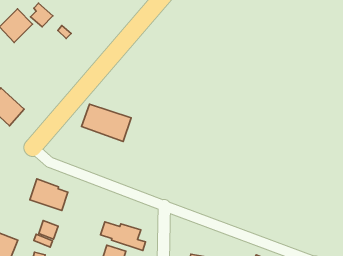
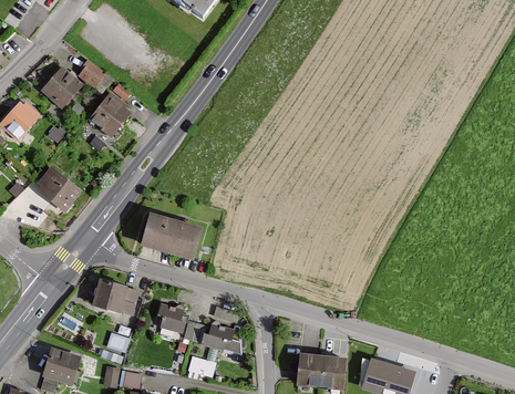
building: none -> [86,92,128,139]
building: [81,104,131,141] -> [135,217,196,260]
building: none -> [155,305,184,335]

